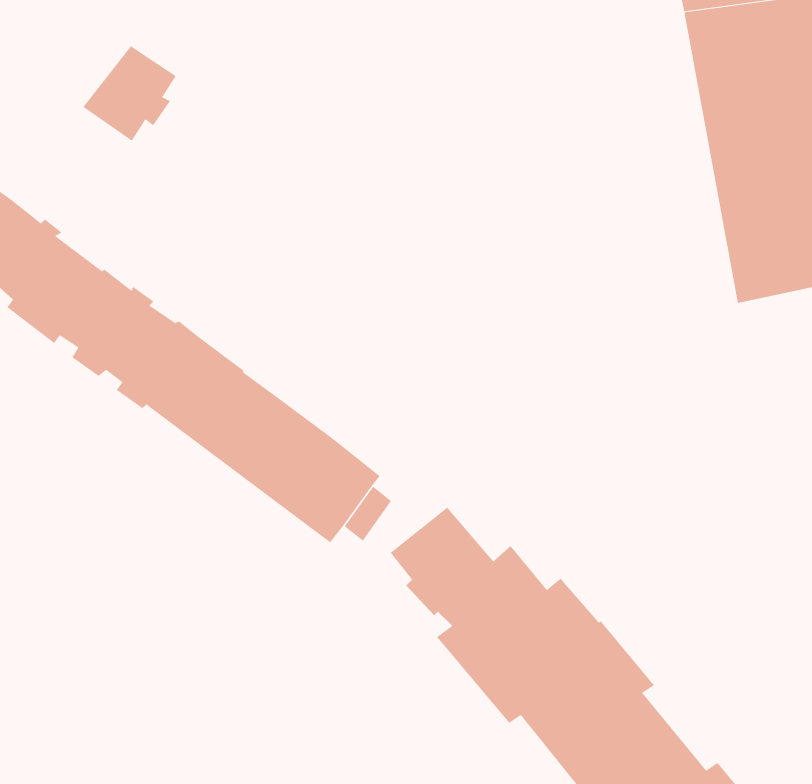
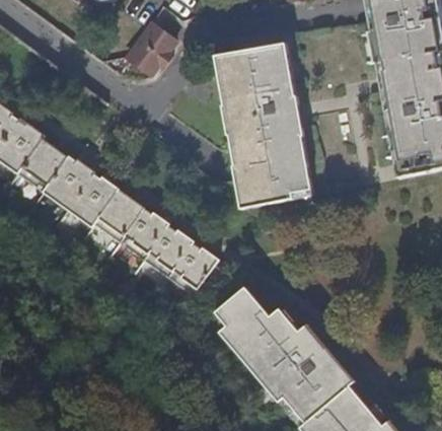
building: [82,45,176,141] -> [128,22,177,73]
building: none -> [220,42,306,202]

